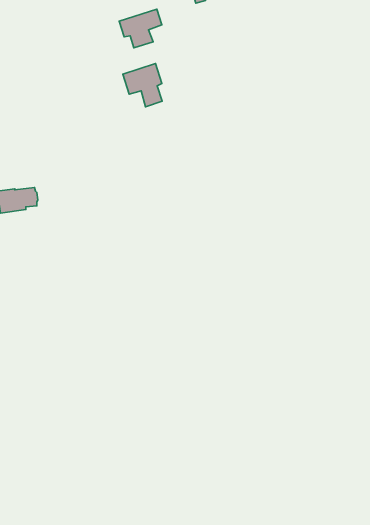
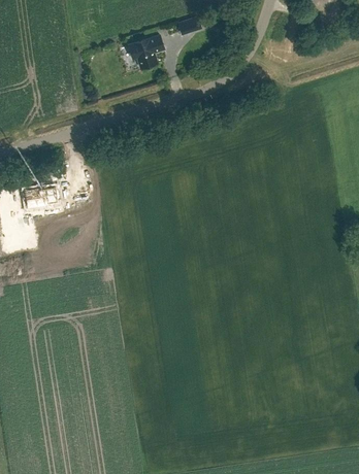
building: [123,64,162,107] -> none

